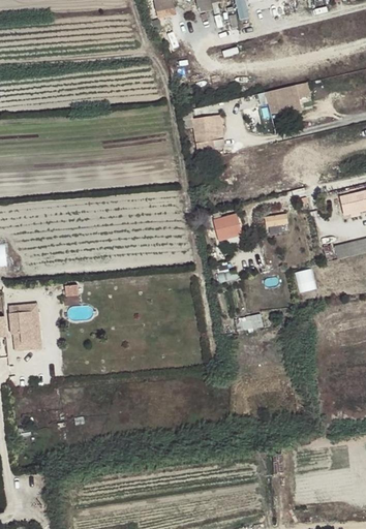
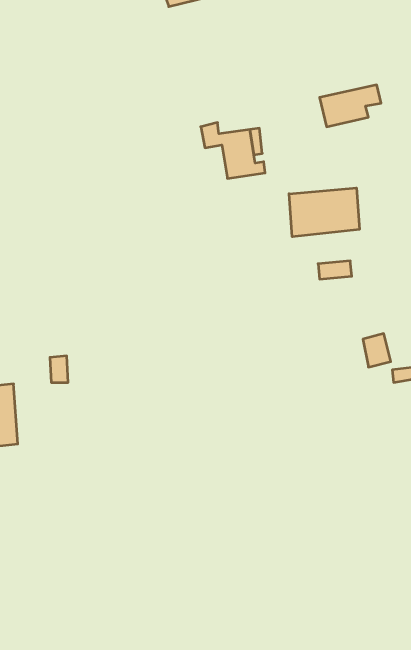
building: none -> [289,188,359,237]
building: [214,213,242,239] -> none

